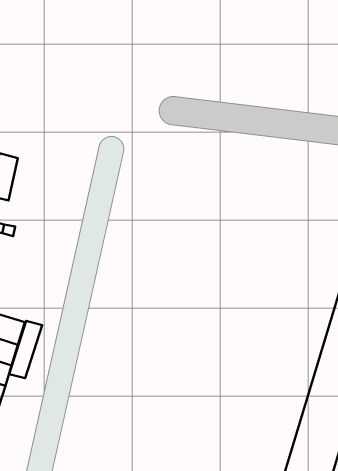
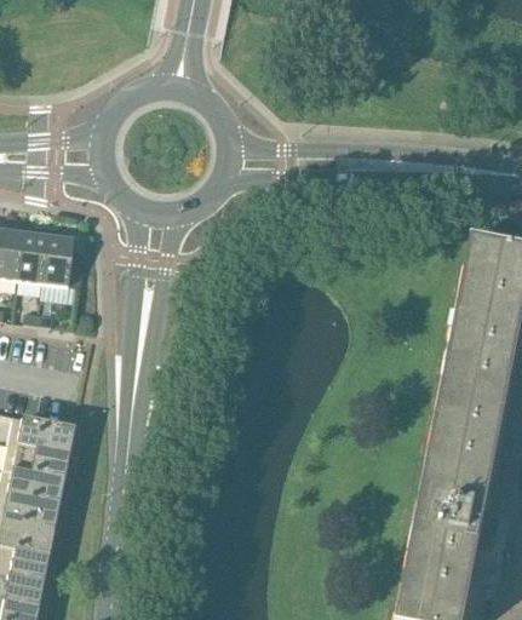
building: none -> [42,231,85,287]
building: [9,321,42,378] -> none

